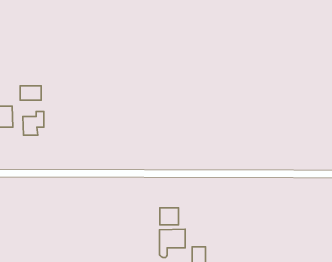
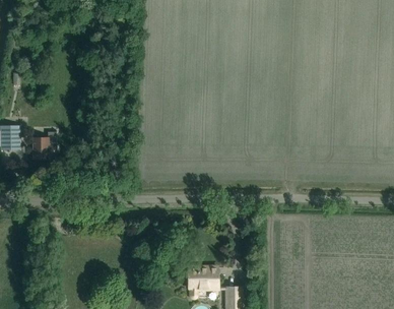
building: [20,86,41,100] -> none
building: [160,208,179,225] -> none

